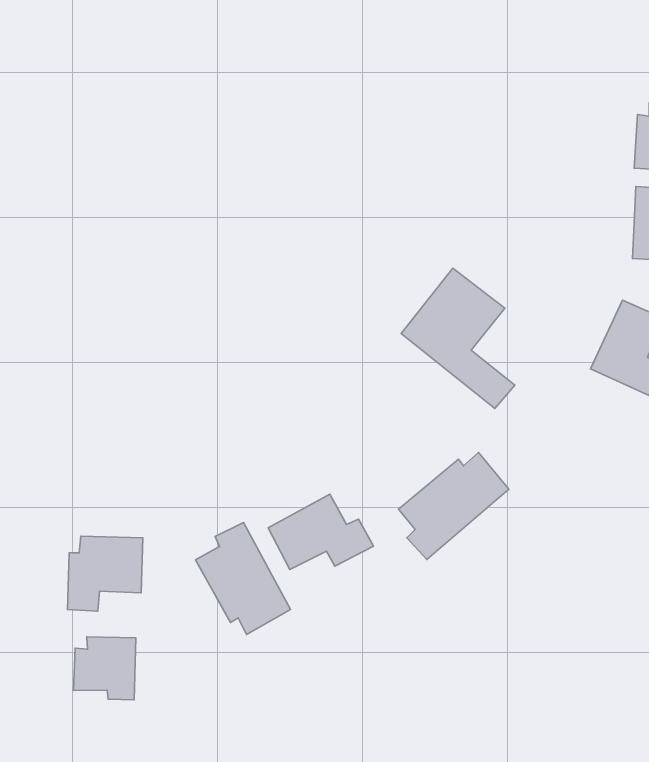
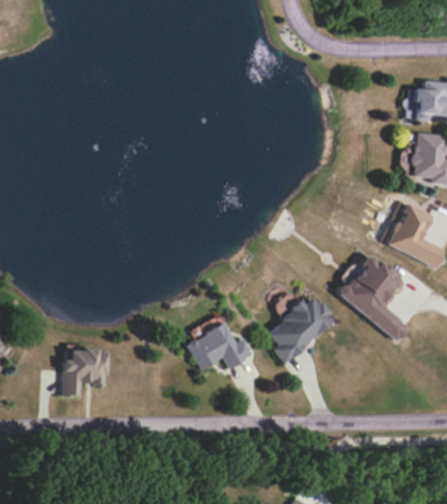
building: [401,268,515,409] -> [337,253,408,340]
building: [195,522,290,634] -> none
building: [73,637,136,700] -> none

